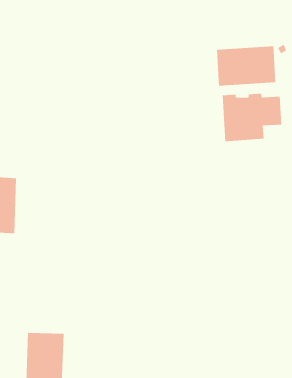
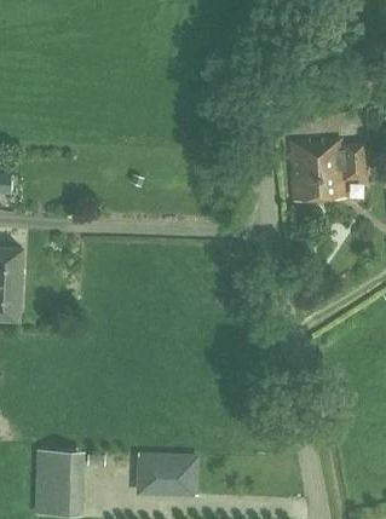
building: [217,46,276,87] -> none
building: none -> [136,452,198,495]

